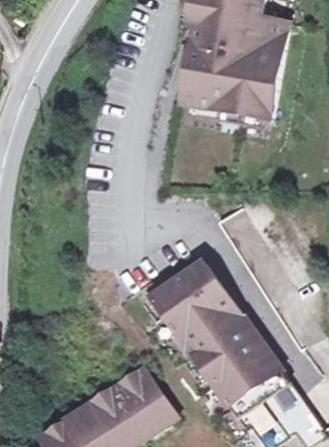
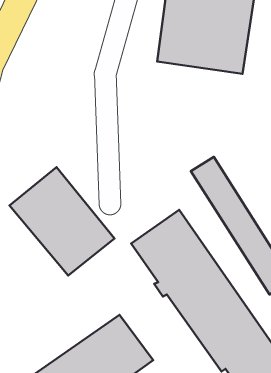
building: none -> [10,167,115,275]

